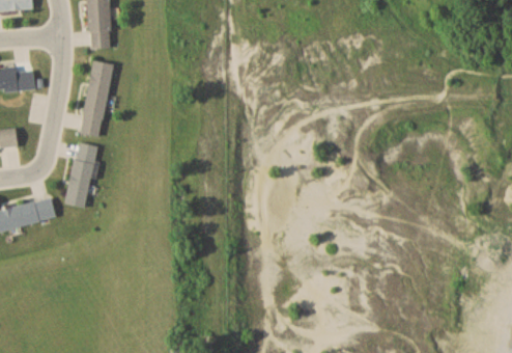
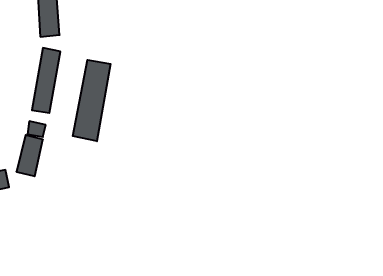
building: none -> [73,60,111,141]

